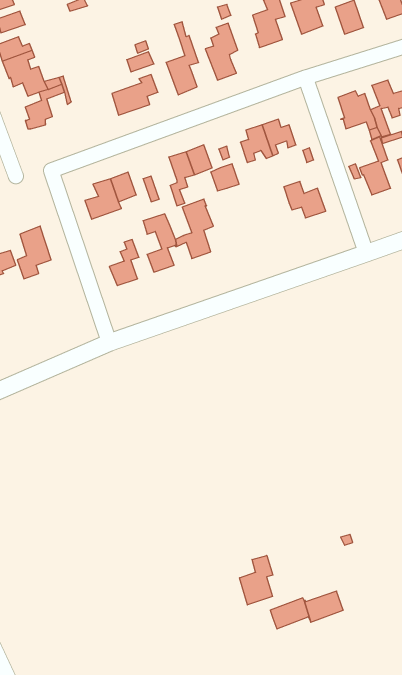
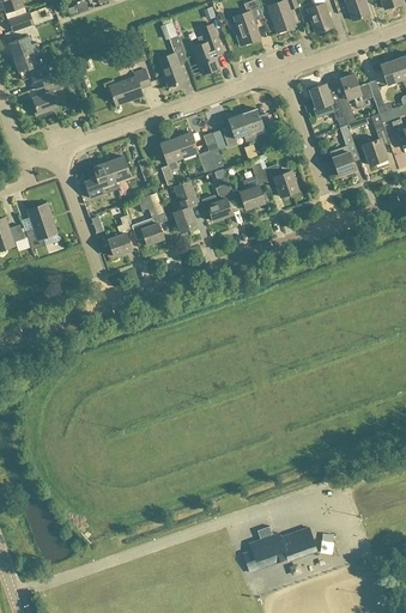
building: none -> [238,157,266,210]
building: none -> [201,183,235,220]
building: [240,555,273,605] -> none

